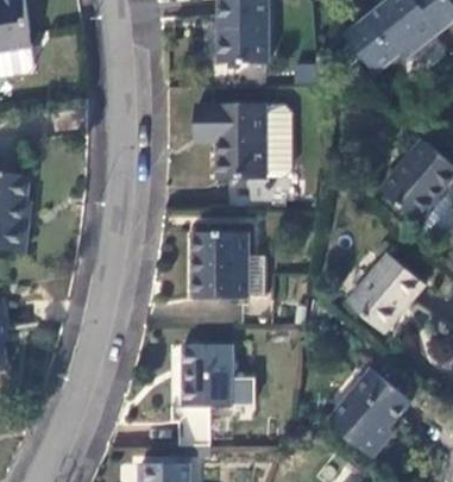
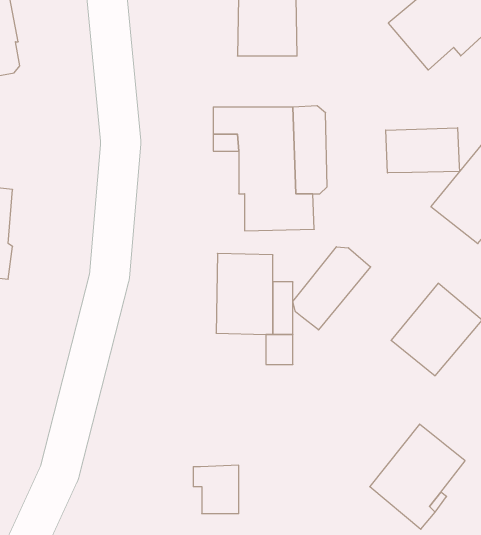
building: none -> [386,128,459,173]
building: none -> [293,247,371,330]
building: [183,343,235,405] -> none

